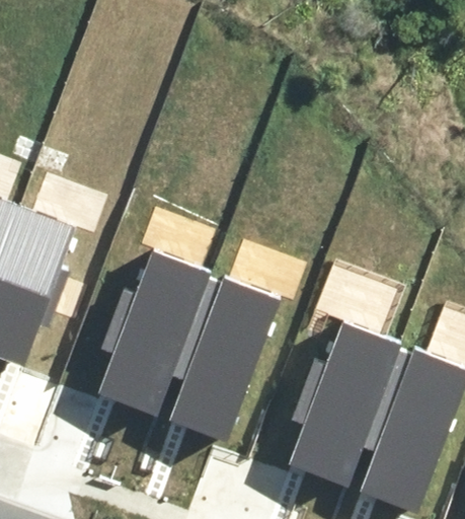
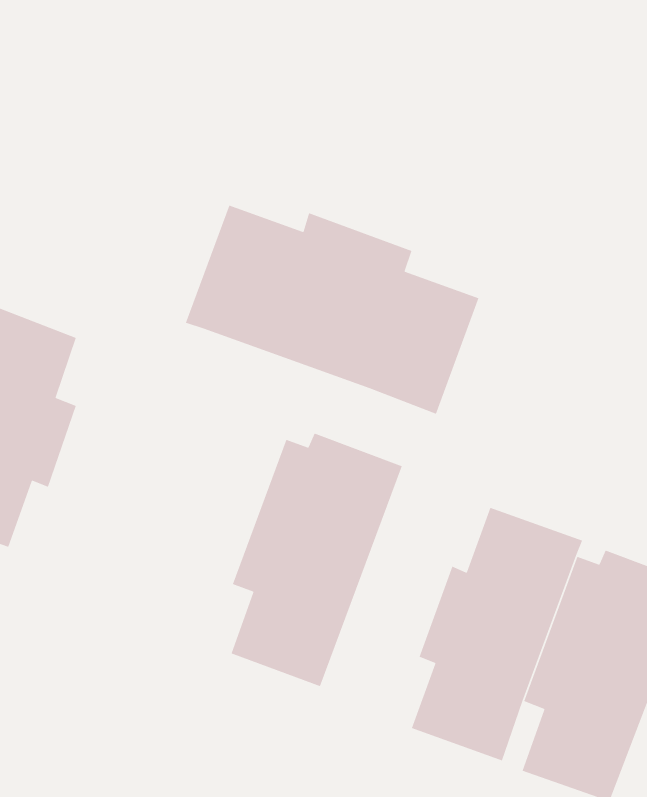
building: none -> [185,205,479,415]
building: [98,253,209,417] -> none

